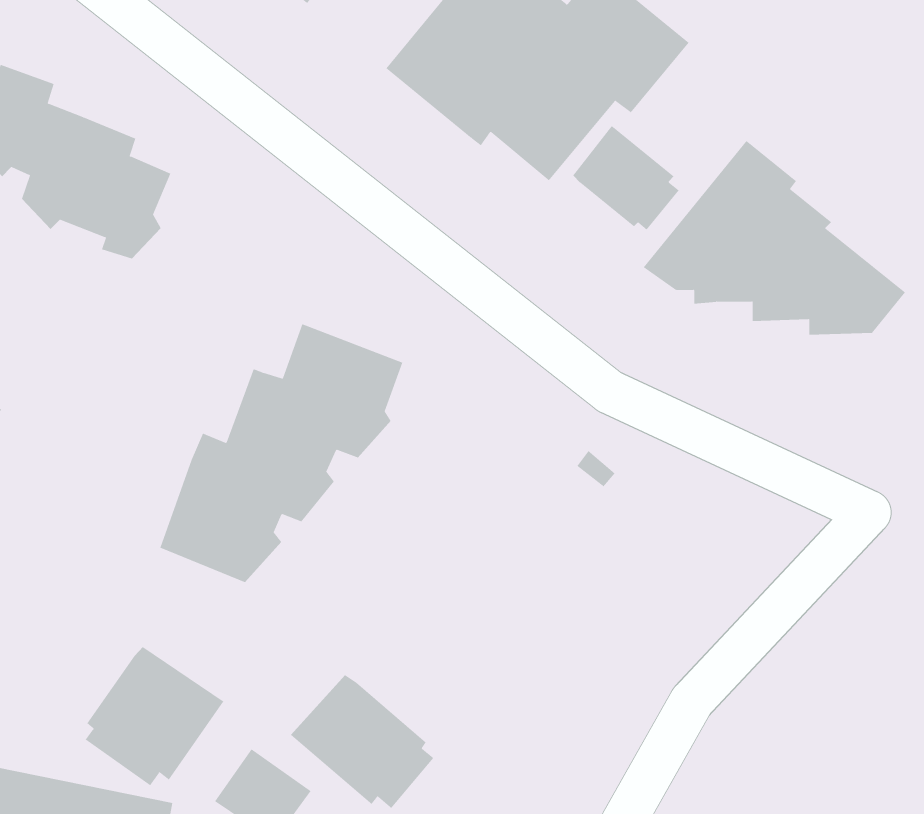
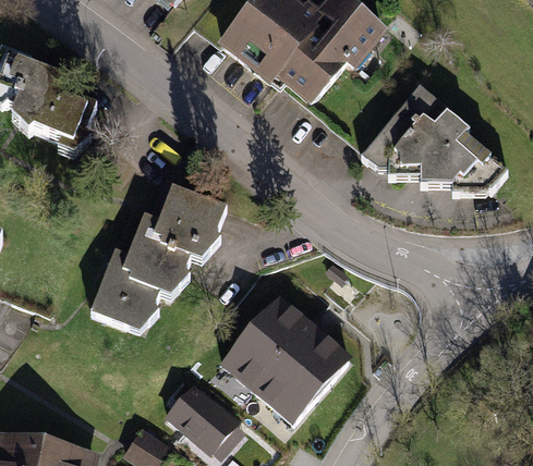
building: [573,125,680,231] -> none
building: none -> [219,292,353,426]
building: [85,646,224,786] -> none

